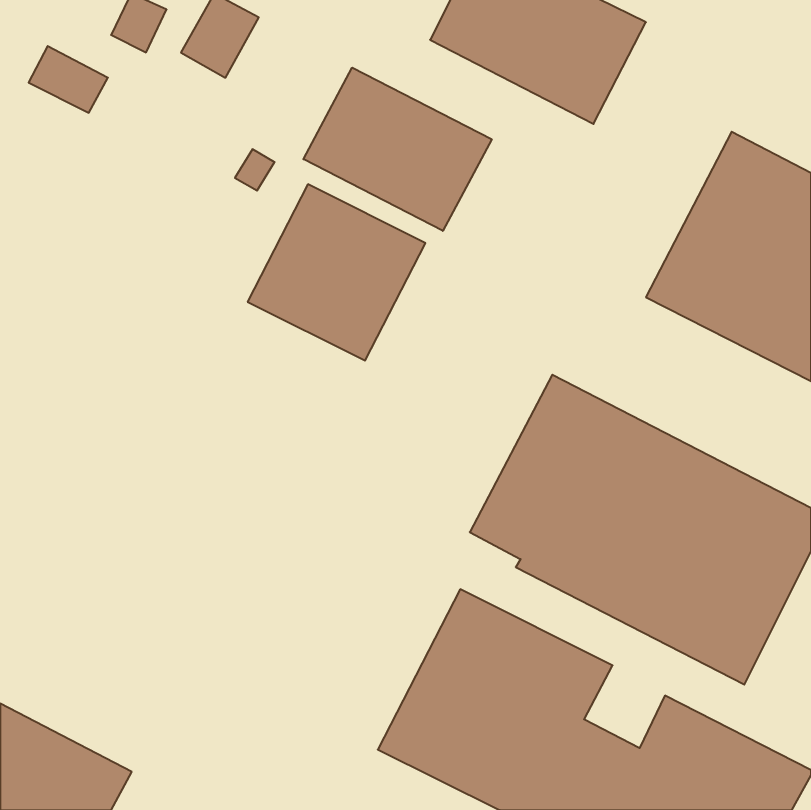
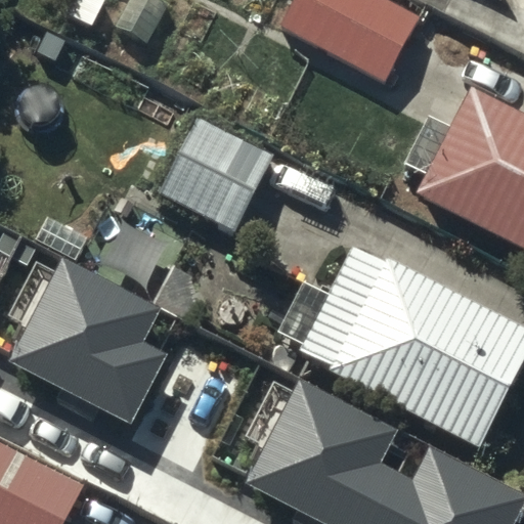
building: [303,68,492,231] -> none
building: none -> [10,259,164,422]

